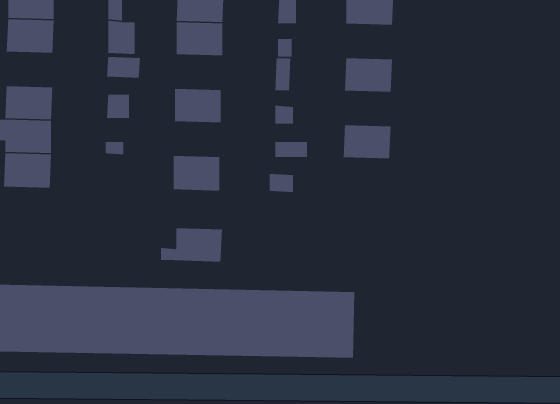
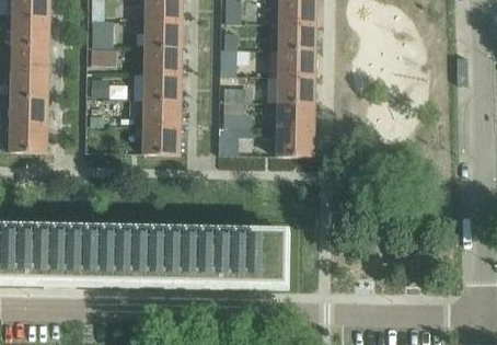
building: none -> [278,20,315,47]
building: none -> [11,42,48,69]
building: none -> [143,44,182,71]
building: none -> [277,72,314,100]
building: none -> [276,125,313,152]
building: [160,228,223,262] -> [131,96,181,124]

